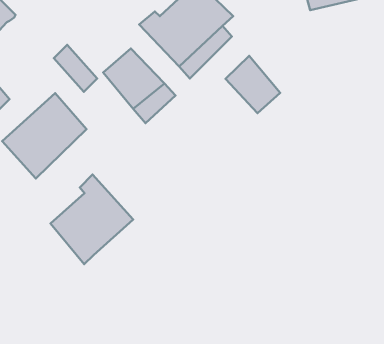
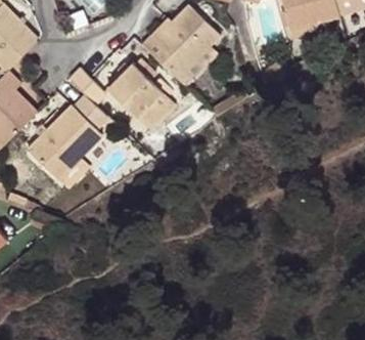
building: [225,56,280,113] -> none
building: [51,175,133,264] -> none

